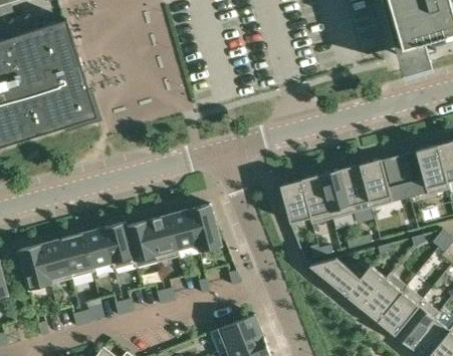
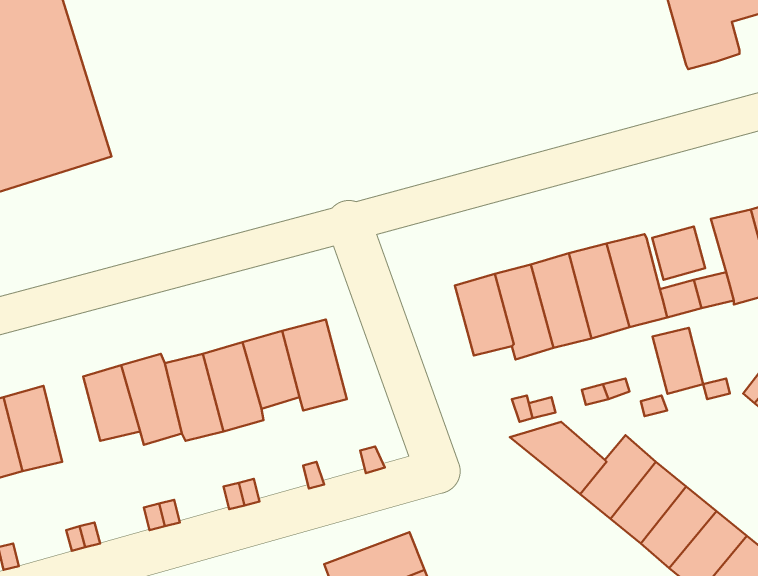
building: none -> [652,328,703,394]
building: [60,233,91,278] -> none

